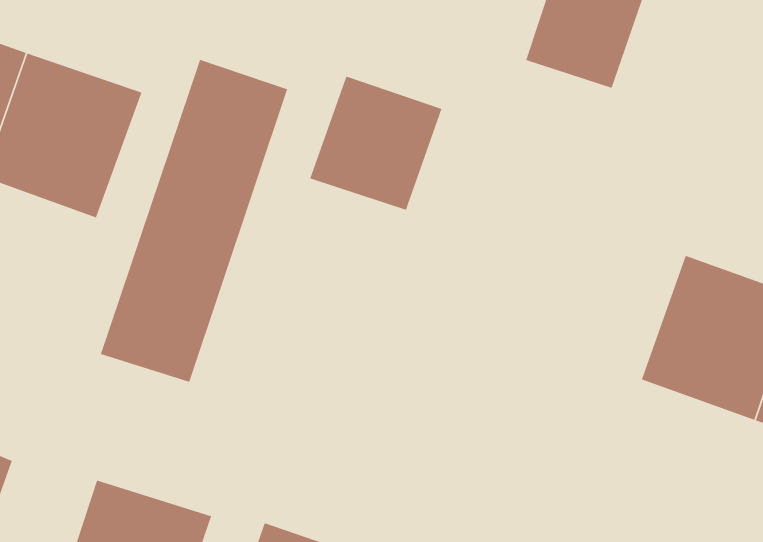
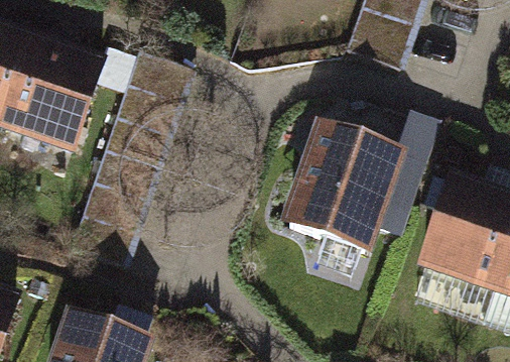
building: [309,75,443,211] -> none
building: none -> [288,126,397,251]

